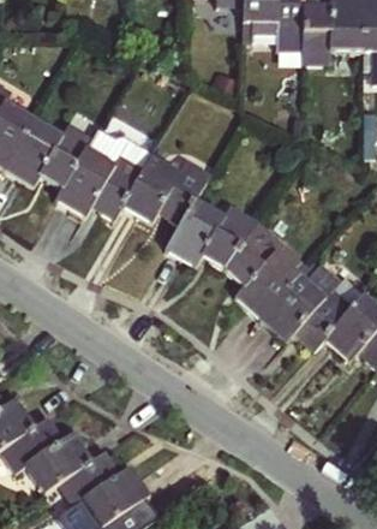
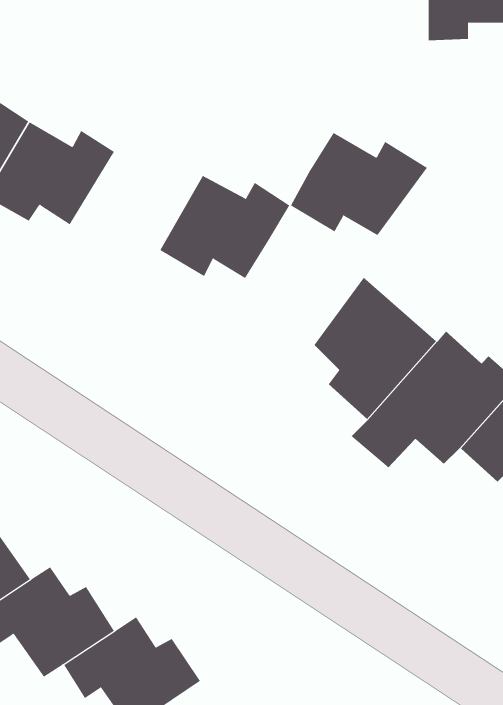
building: [55,129,150,218] -> none
building: [166,198,258,268] -> [290,132,428,236]

